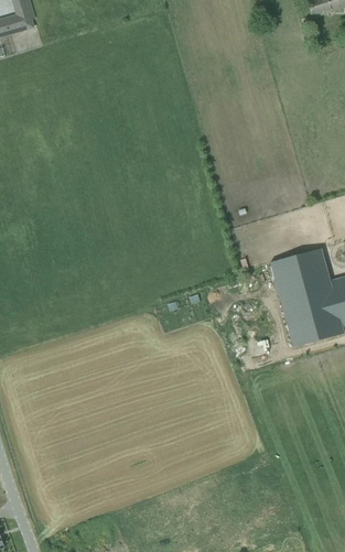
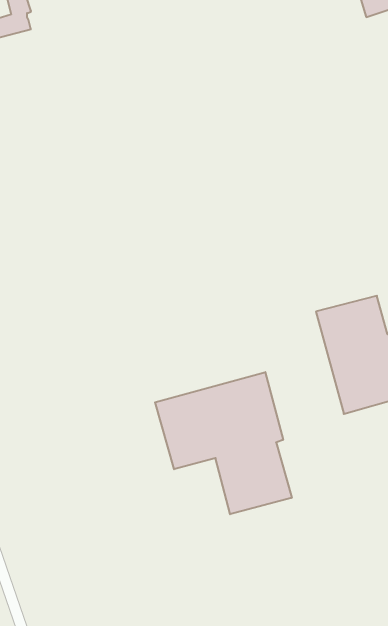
building: none -> [155,372,292,514]

